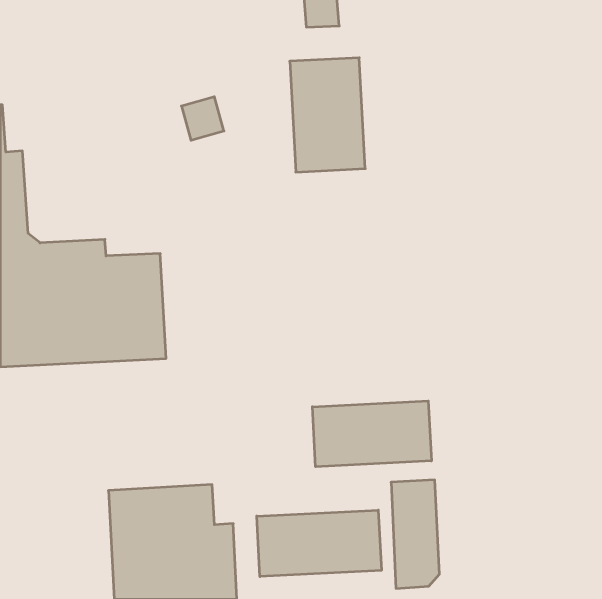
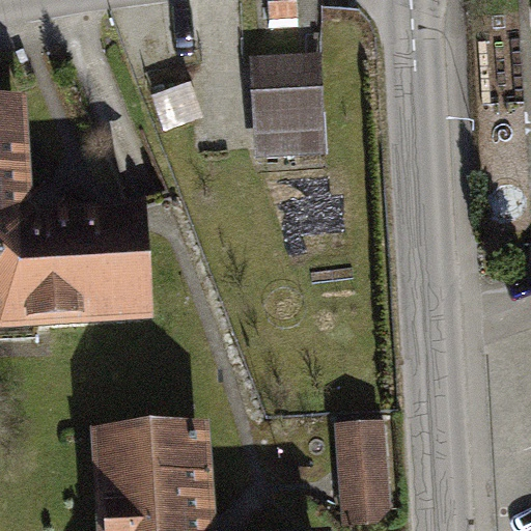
building: [312,401,431,467] -> none
building: [257,510,381,577] -> none

